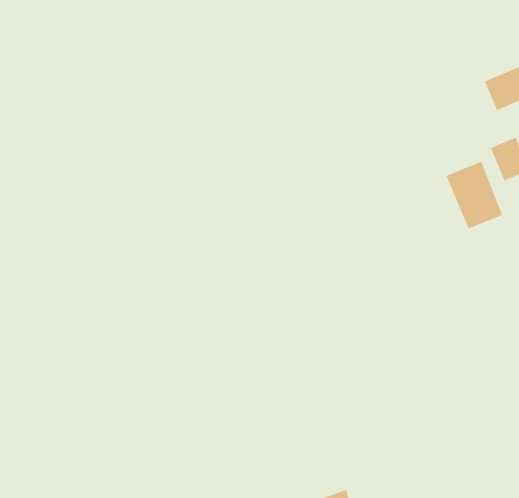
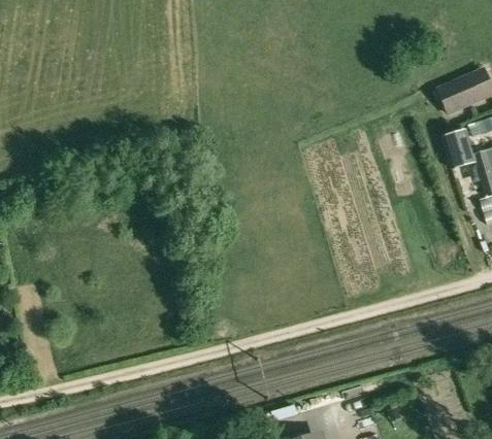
building: [446,161,503,229] -> none

